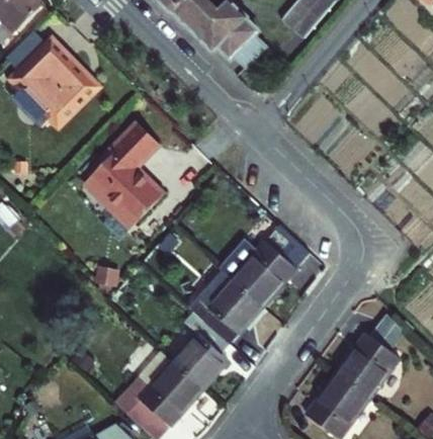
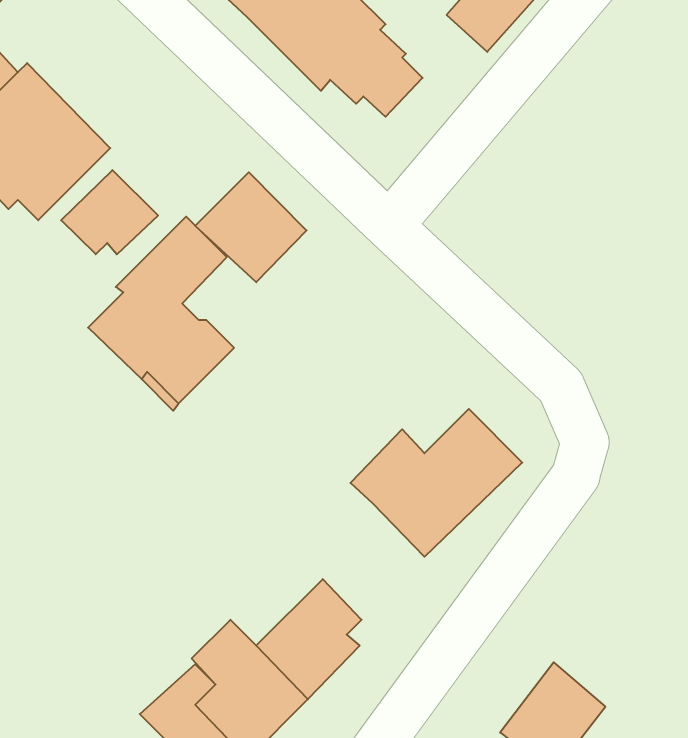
building: none -> [61,170,158,254]
building: none -> [195,172,307,282]
building: [194,279,269,343] -> none
building: [340,322,402,390] -> none

